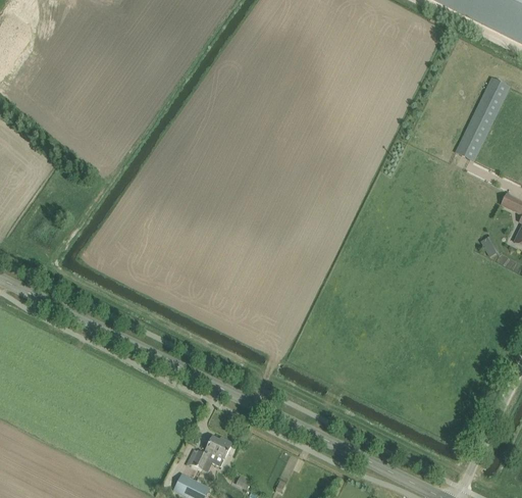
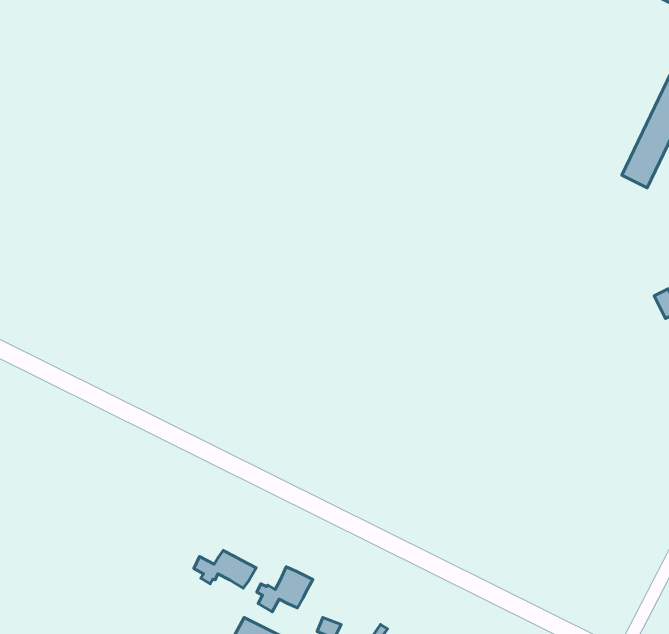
building: none -> [194,550,256,588]

